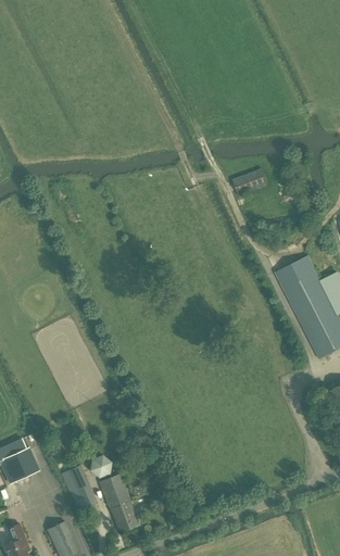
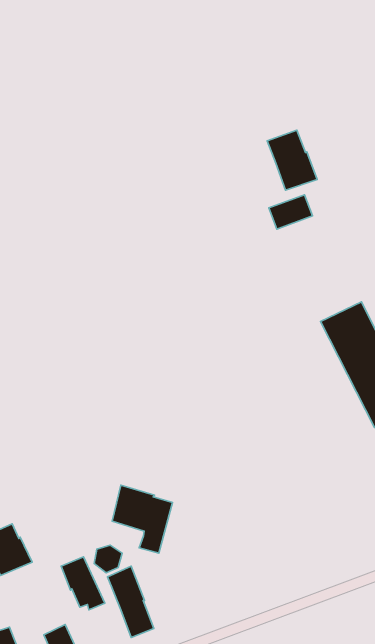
building: none -> [267,130,317,190]
building: none -> [112,485,173,553]

